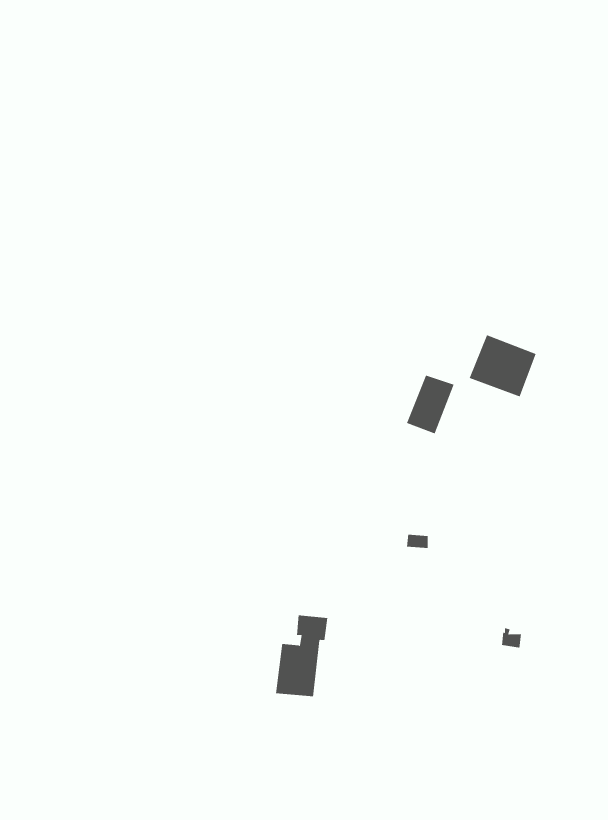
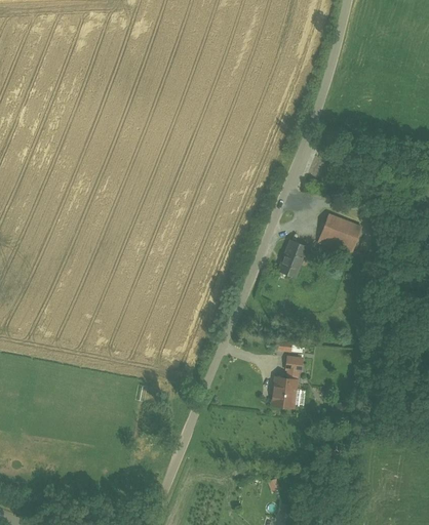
building: [275,615,328,697] -> [272,357,306,409]

